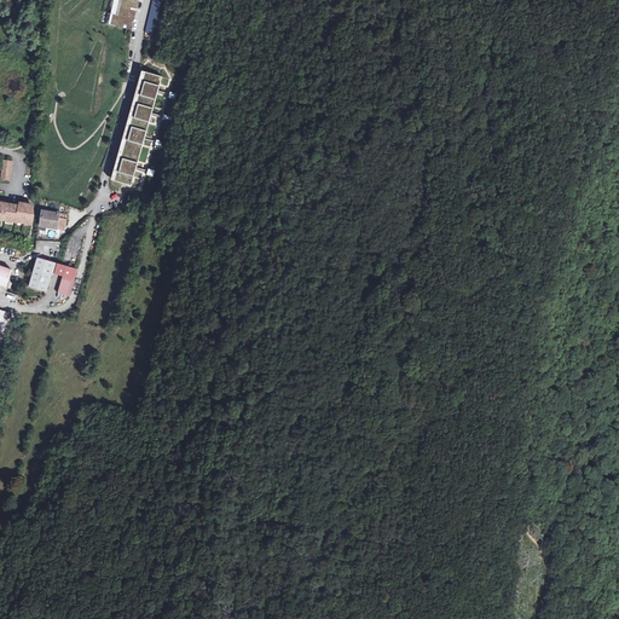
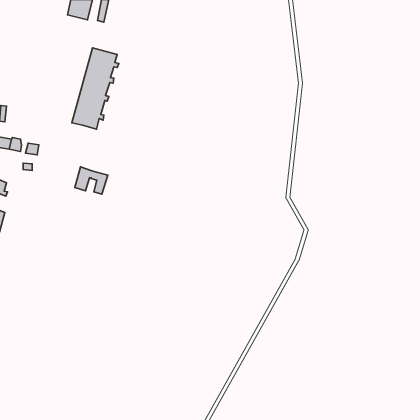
building: [28,256,76,296] -> [75,167,108,194]

